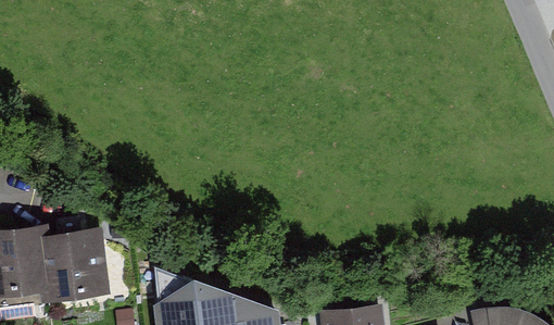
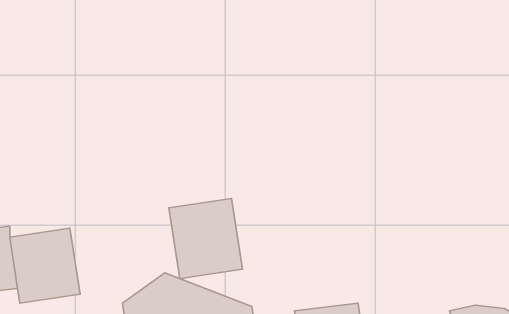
building: none -> [169,198,243,279]

